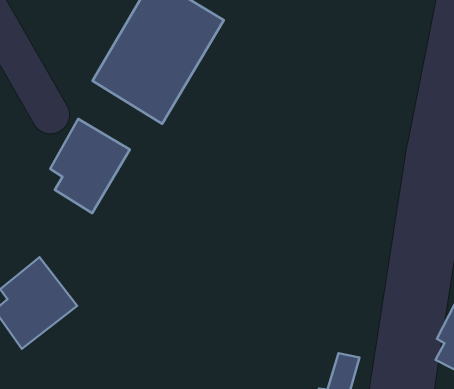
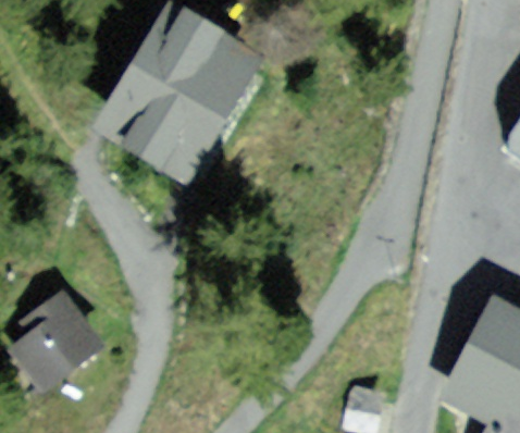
building: [50,119,130,213] -> none

